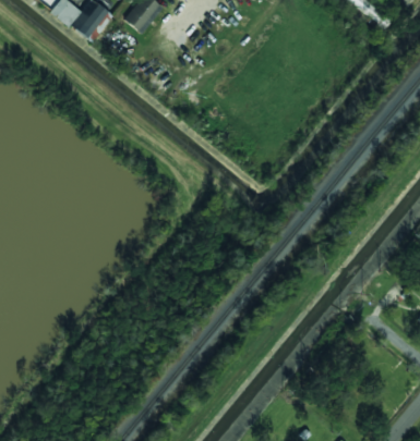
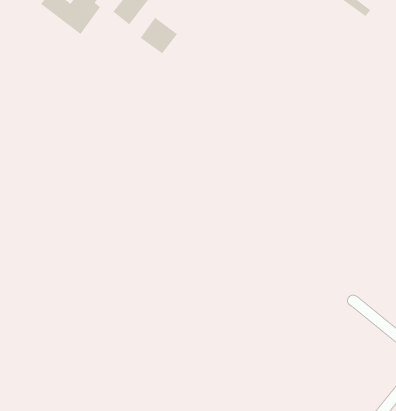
building: none -> [140,17,178,54]

